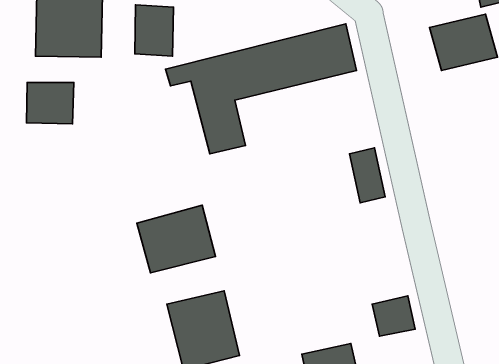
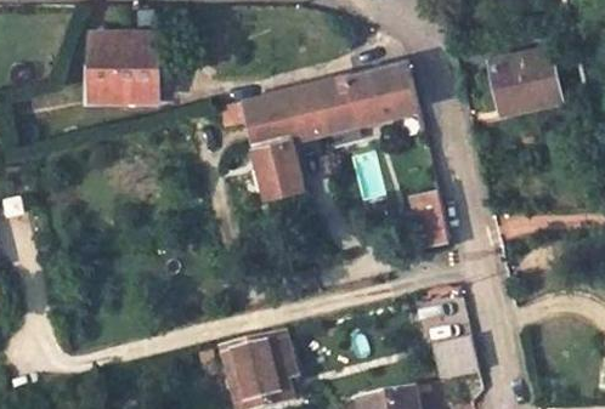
building: [135,5,173,56] -> none
building: [27,82,74,124] -> none
building: [137,205,215,273] -> none

